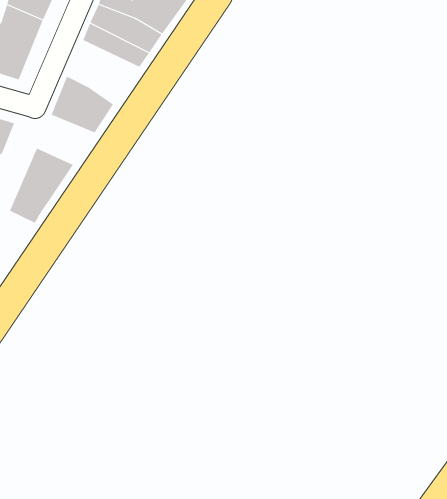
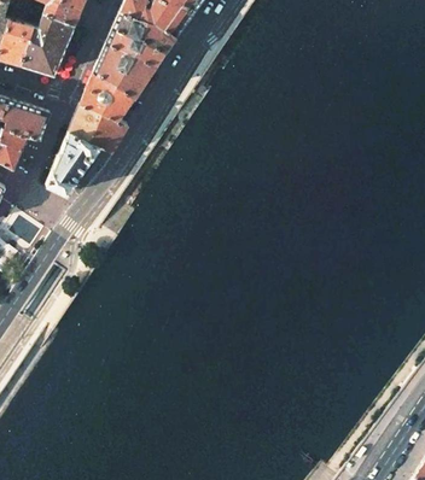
building: none -> [93,43,155,98]
building: none -> [68,106,127,153]

